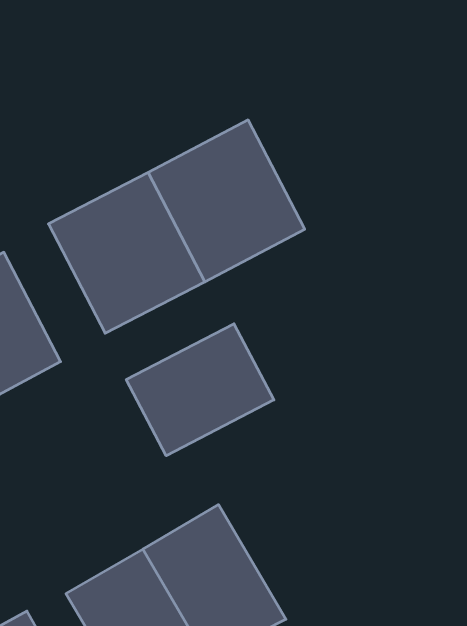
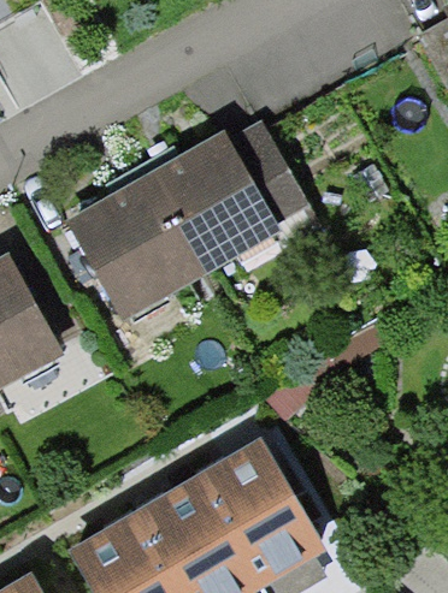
building: [126,324,274,456] -> none
building: none -> [206,438,335,580]

